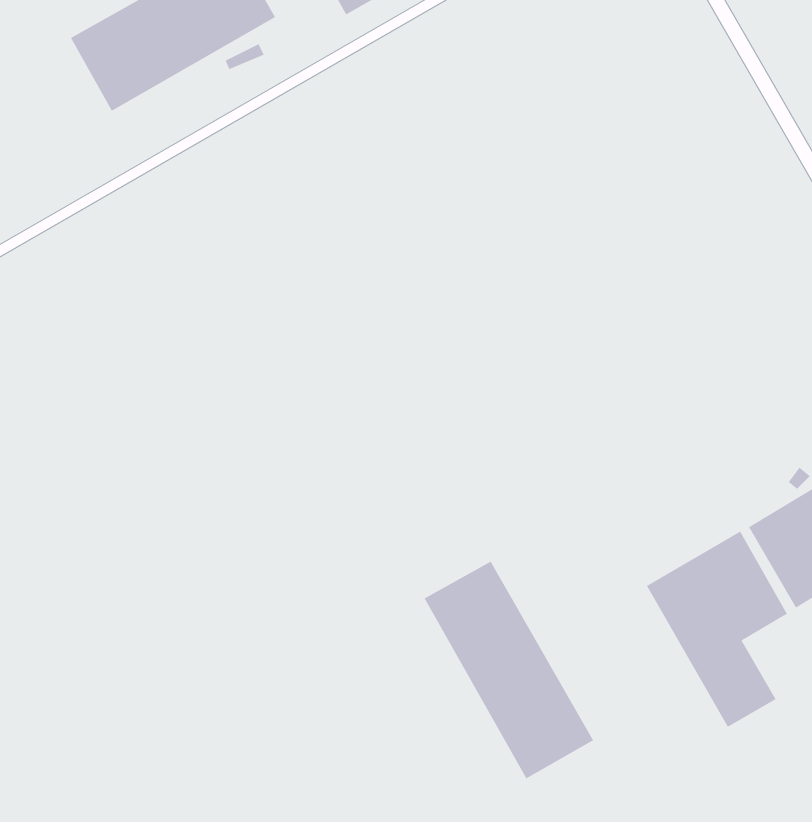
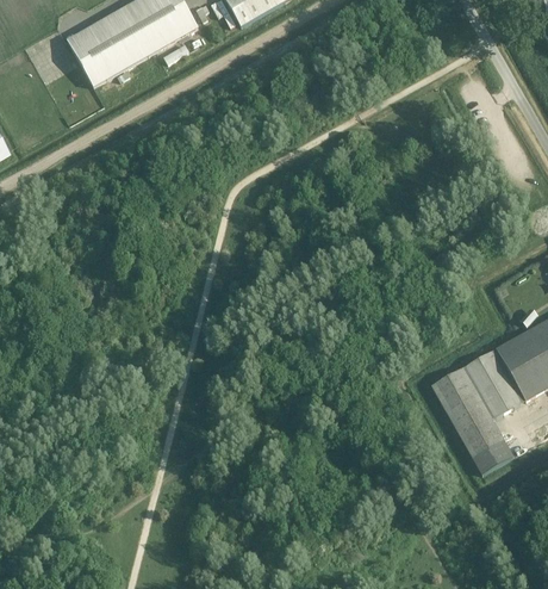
building: [424,561,594,779] -> none

